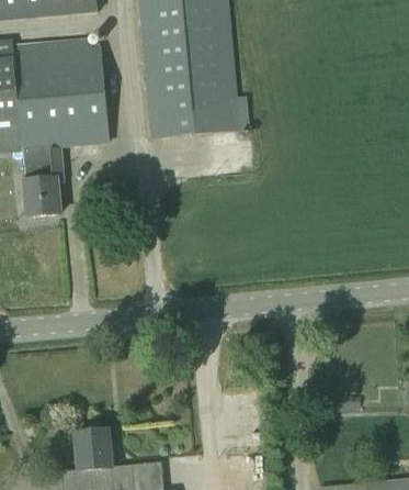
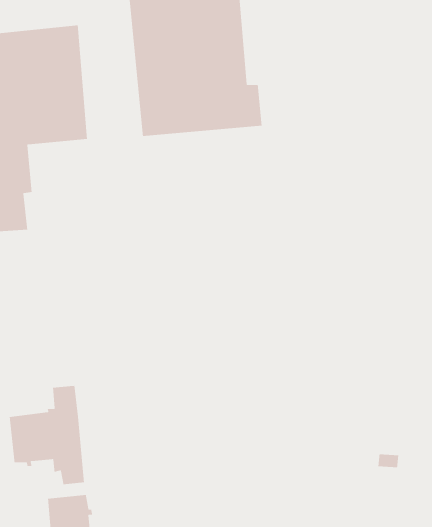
building: none -> [9,380,85,485]

